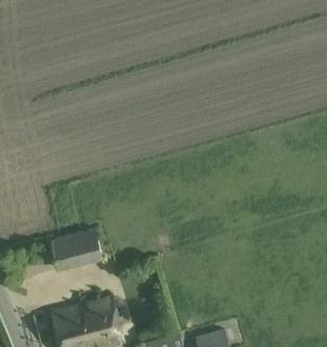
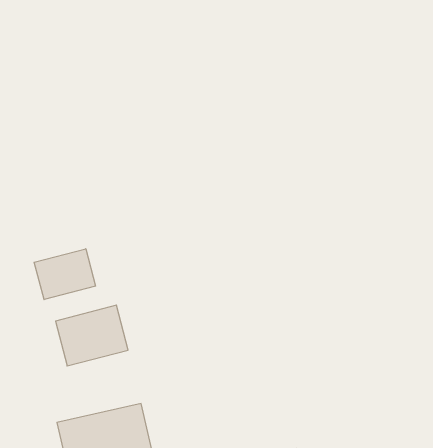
building: none -> [34,249,96,300]

